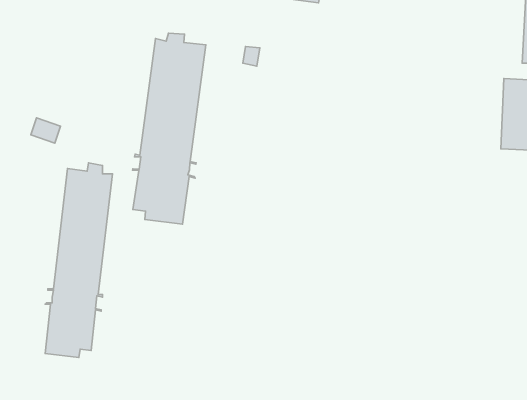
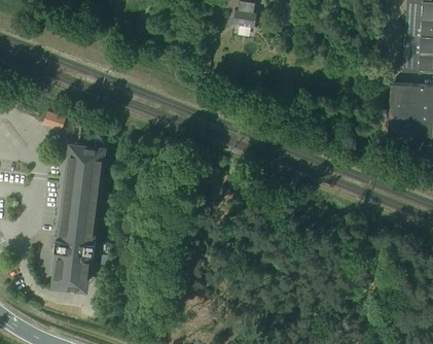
building: [132,33,206,224] -> none

